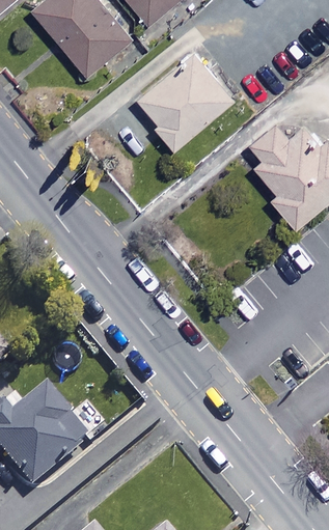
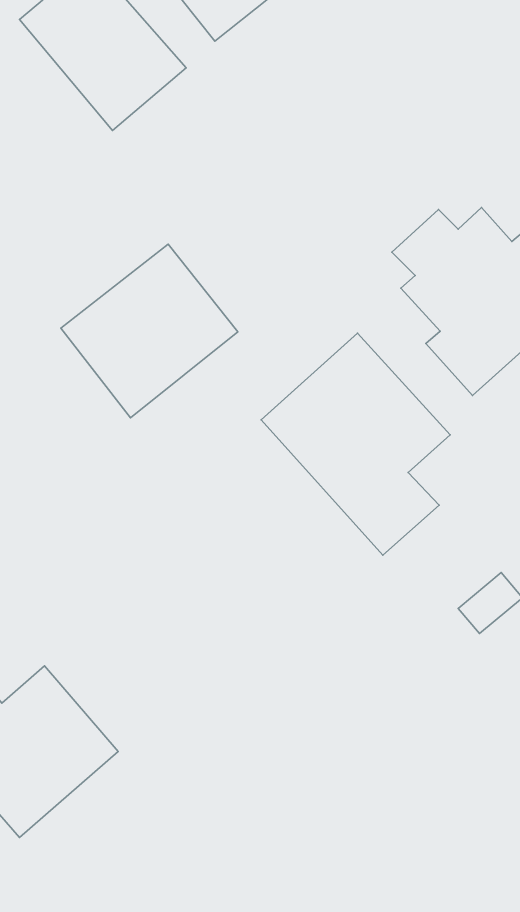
building: [136,48,239,148] -> [61,244,238,418]
building: none -> [261,333,450,555]

